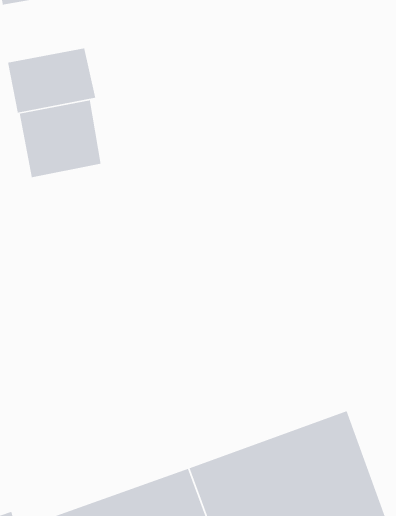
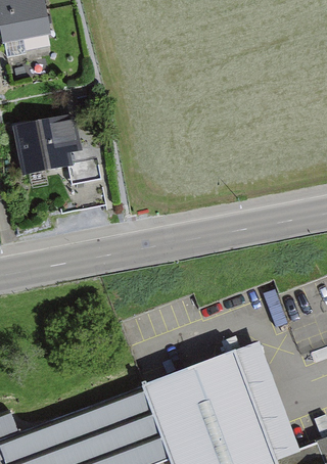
building: [7,47,96,114] -> none

